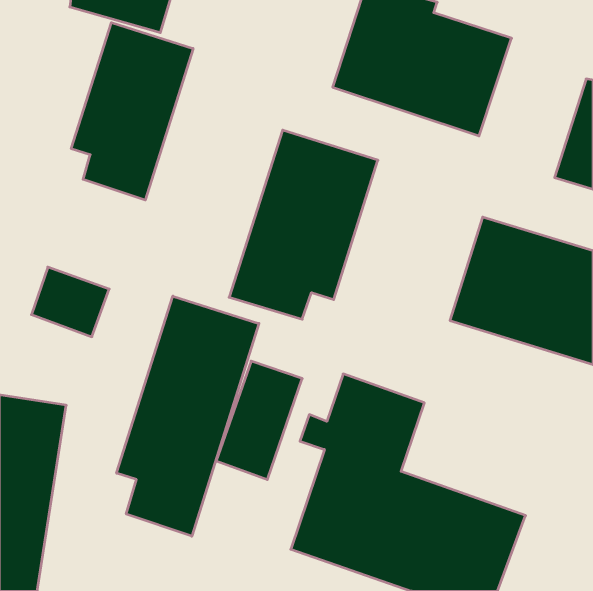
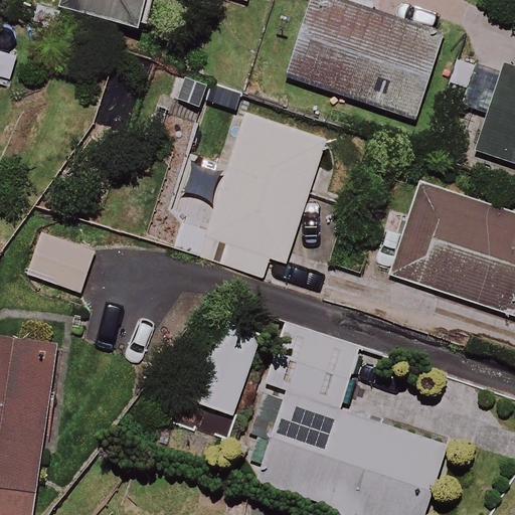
building: [71,23,193,200] -> none
building: [117,296,259,536] -> none

